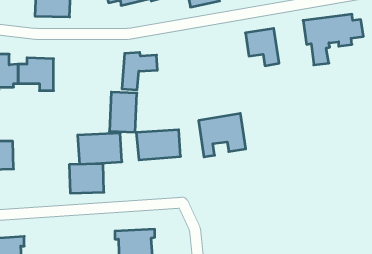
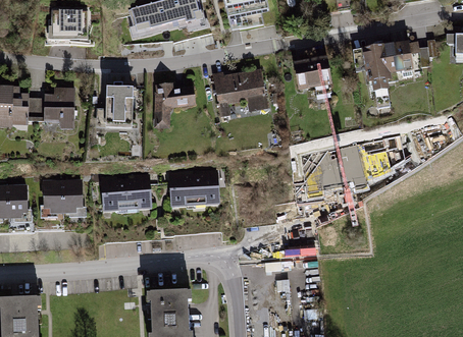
building: [109,92,137,132] -> [103,83,135,129]
building: [199,113,246,157] -> [213,68,267,118]
building: [69,164,104,193] -> [42,181,82,215]

